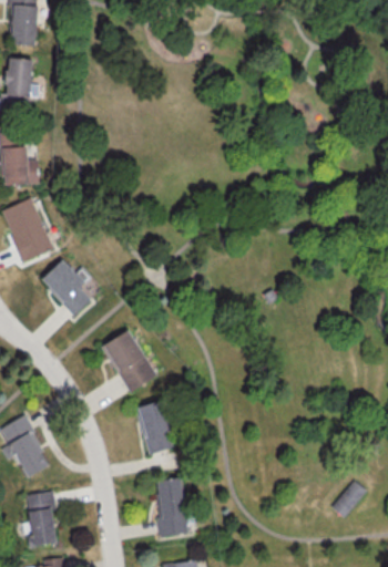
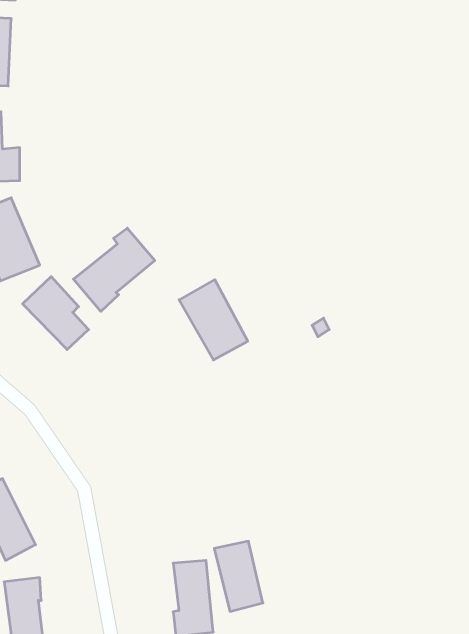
building: none -> [73,228,155,311]
building: [102,329,155,391] -> [179,280,248,360]
building: [136,400,174,454] -> [214,541,263,611]
building: [333,482,366,518] -> none

